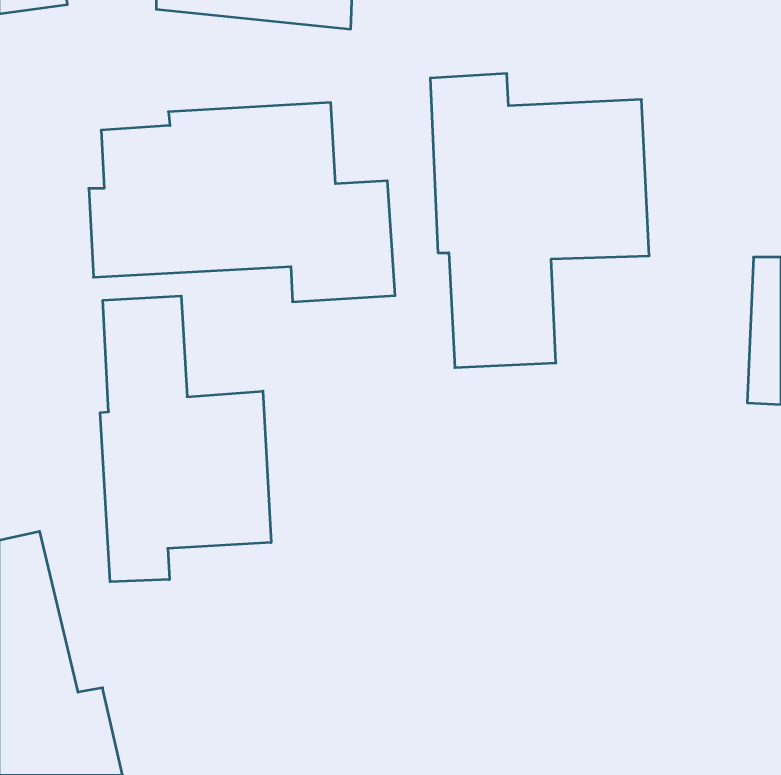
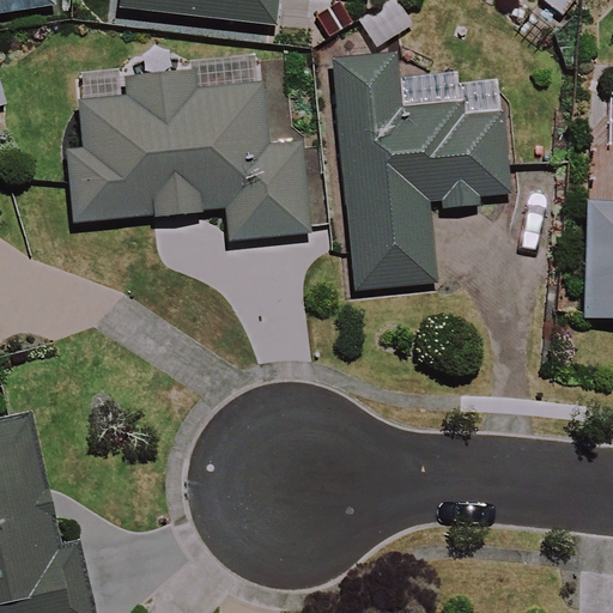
building: [100,296,271,582] -> none

